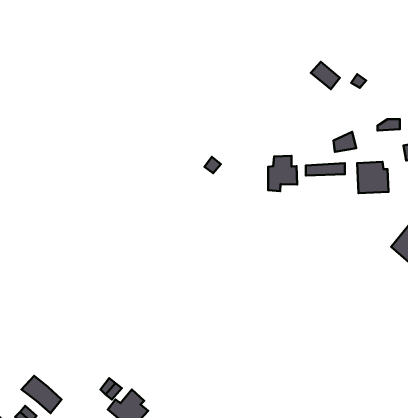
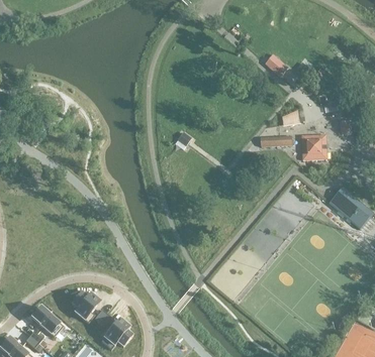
building: [268,156,297,191] -> none
building: none -> [70,291,98,323]

